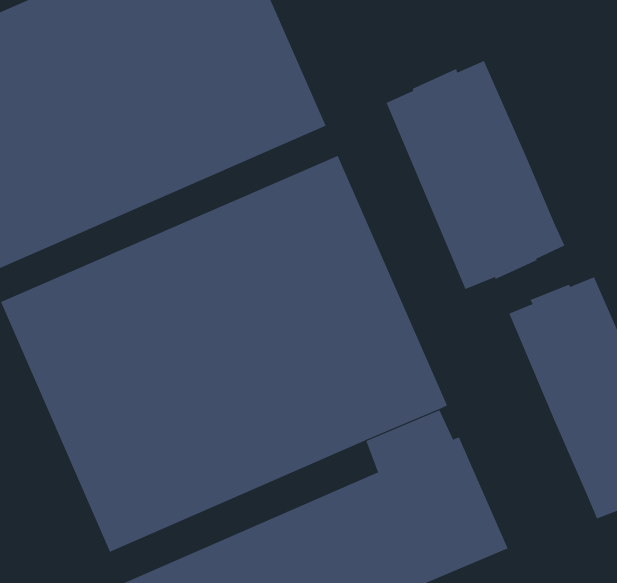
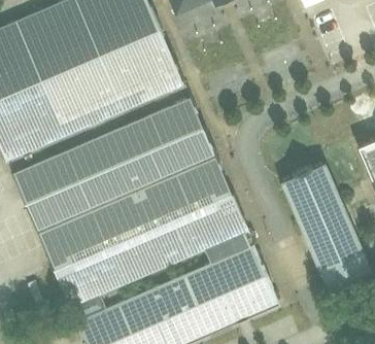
building: [386,60,565,290] -> none

